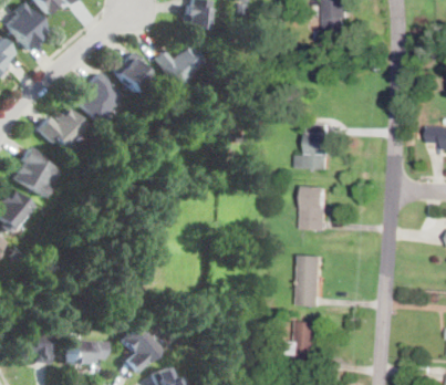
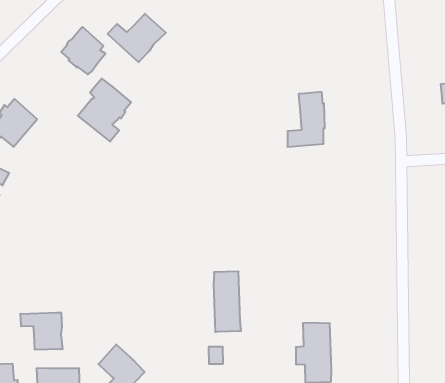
building: [72,72,118,126] -> [78,79,131,142]
building: [298,186,328,230] -> none
building: [298,254,322,306] -> [214,271,241,332]
building: none -> [20,312,62,350]

